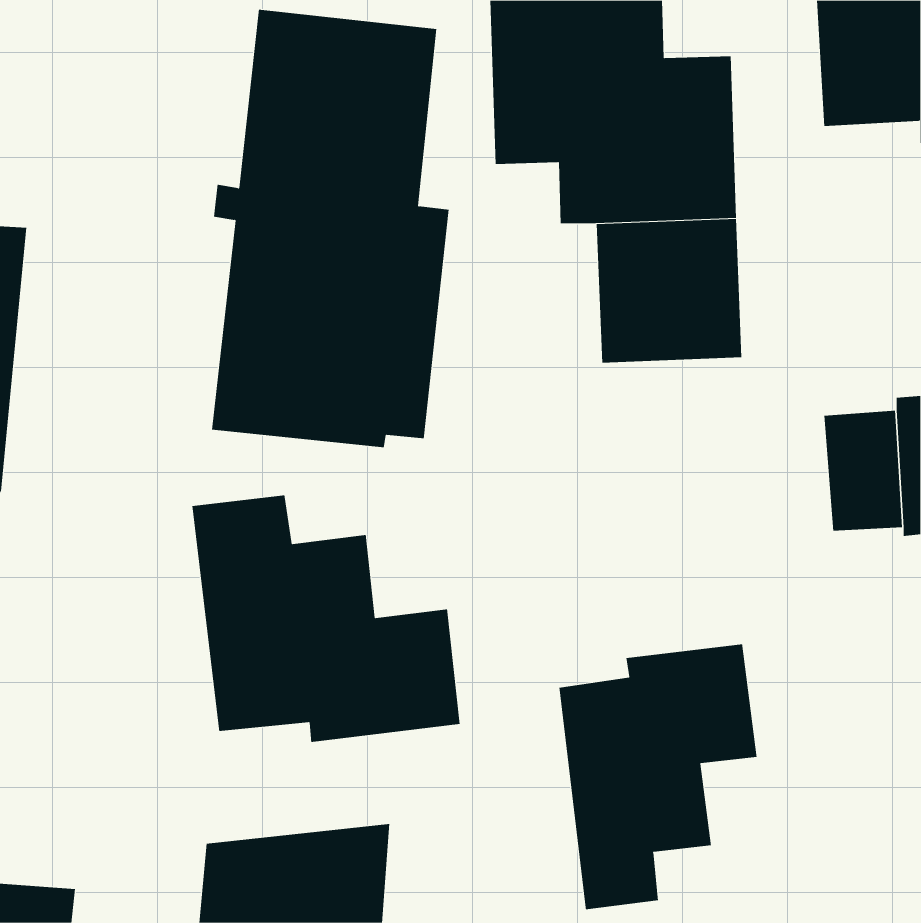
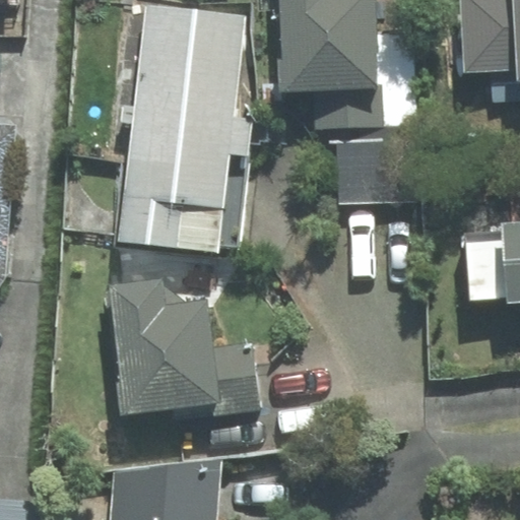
building: [559,643,757,910] -> none

